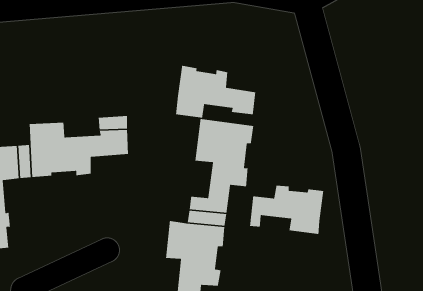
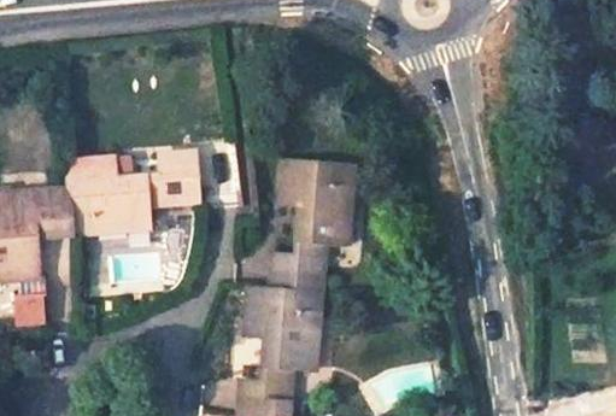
building: [175,65,256,118] -> none
building: [249,185,324,235] -> none

